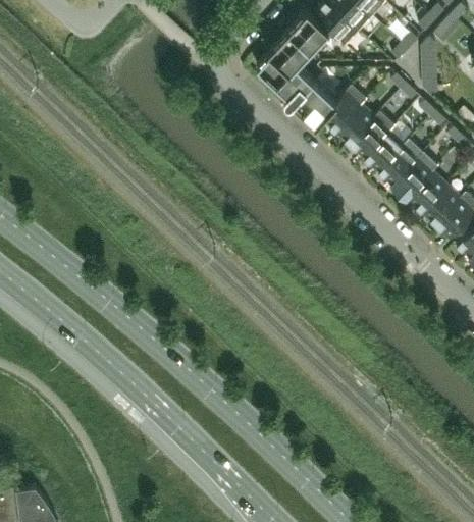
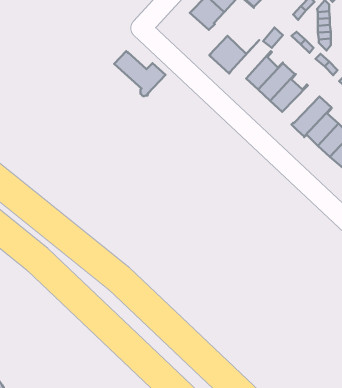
building: [254,51,315,105] -> [114,51,165,96]
building: [318,85,367,130] -> none
building: [380,139,425,184] -> none

